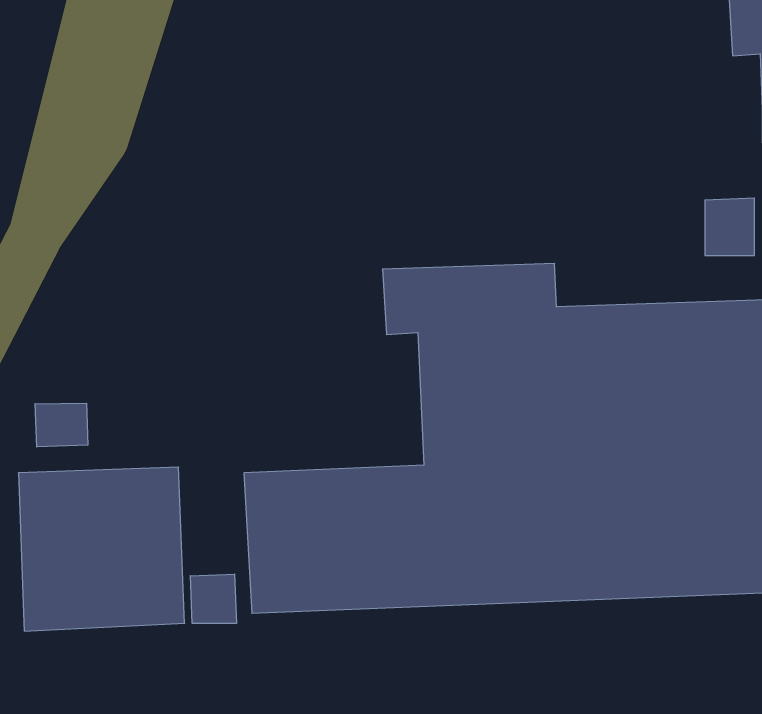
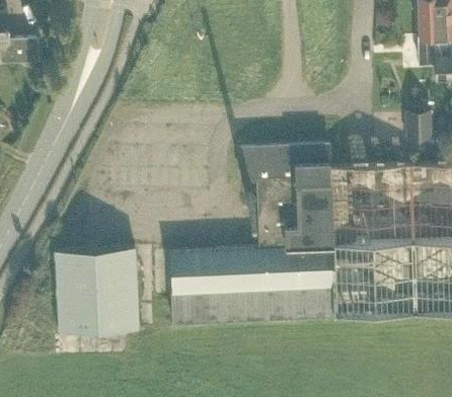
building: [35,403,88,447] -> none
building: [190,574,236,623] -> none

